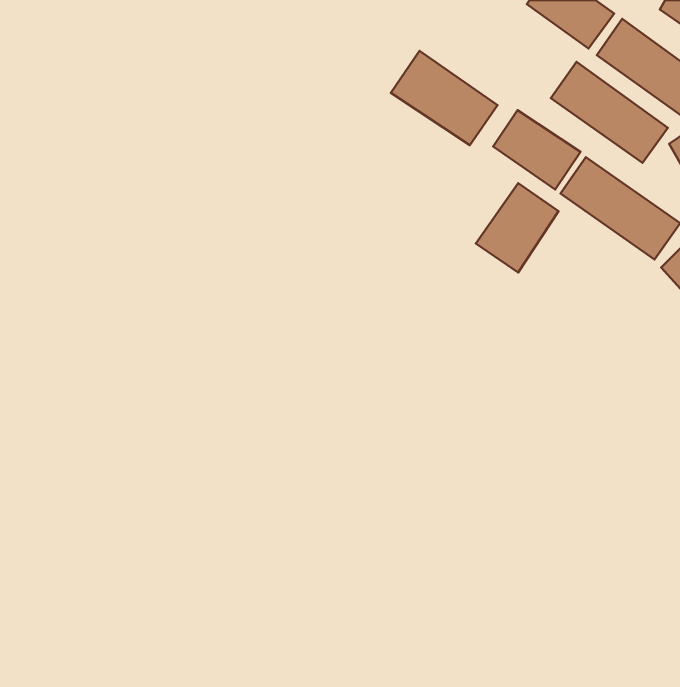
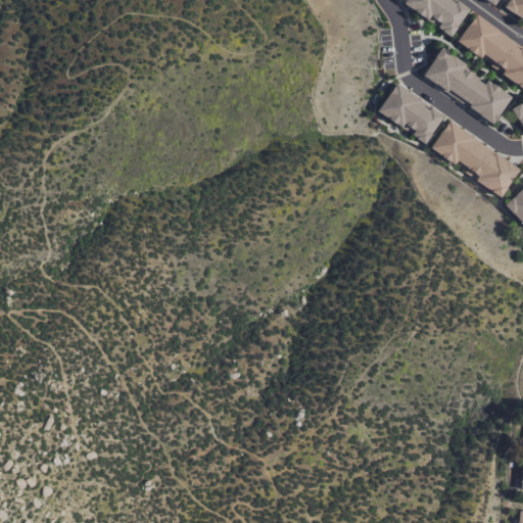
building: [391,51,498,145] -> none
building: [476,183,559,272] -> none

